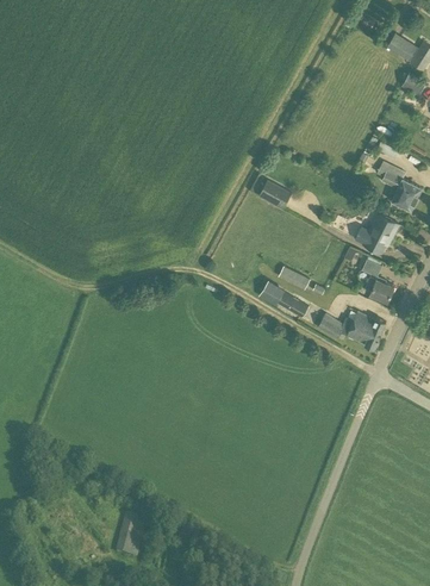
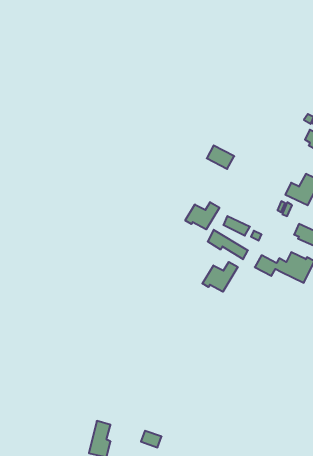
building: none -> [185,202,219,229]
building: none -> [202,262,238,292]

